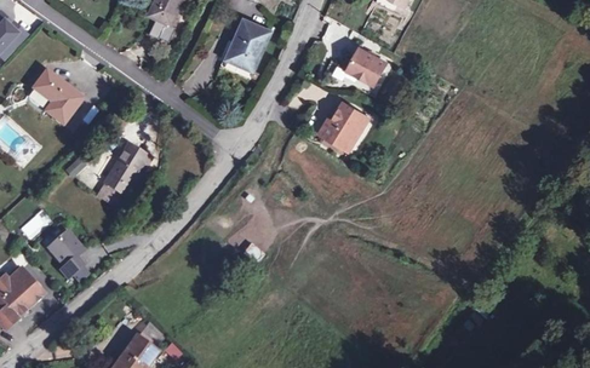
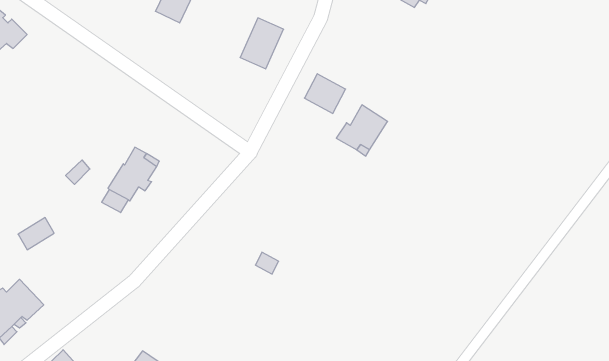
building: [346,48,385,86] -> [304,74,346,113]
building: [31,69,82,123] -> none
building: [47,230,82,276] -> none

